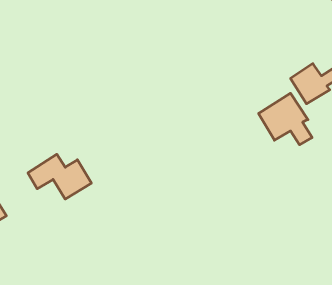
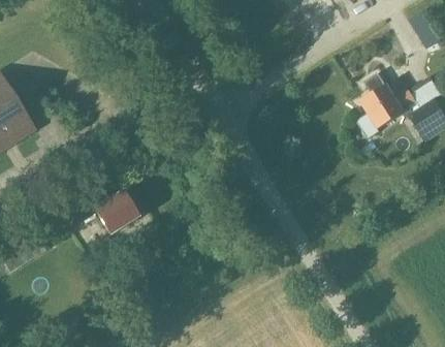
building: [259,93,312,145] -> none

